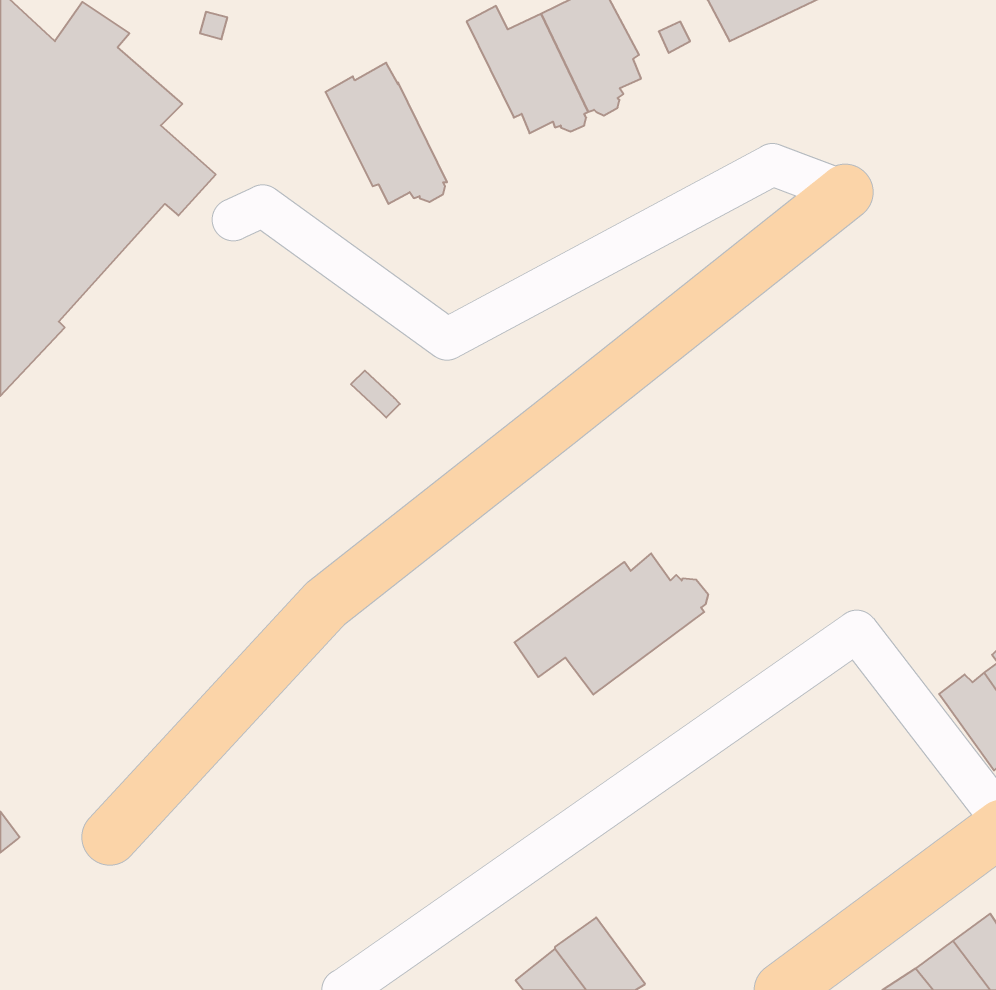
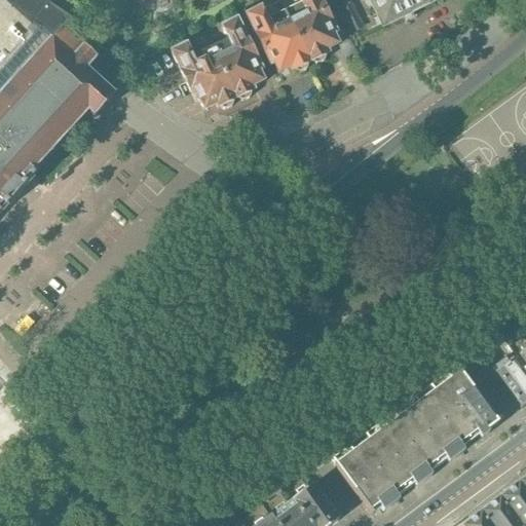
building: none -> [212,16,265,97]
building: [514,553,708,695] -> none
building: none -> [333,363,500,512]

